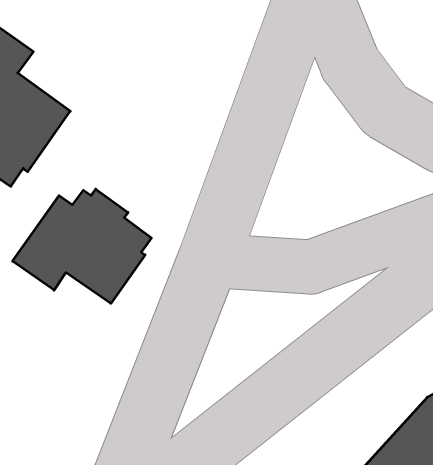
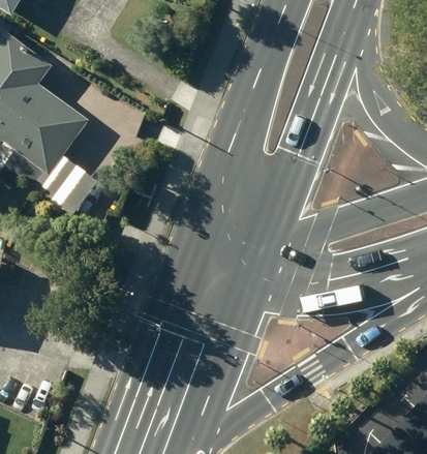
building: [13,189,151,303] -> none

